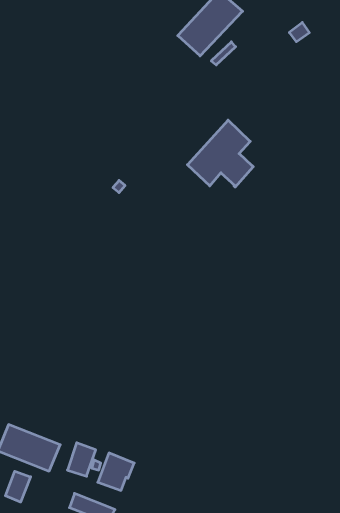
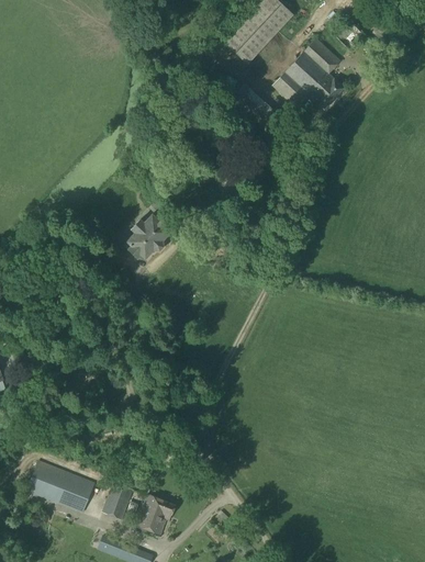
building: [187,120,253,187] -> [272,37,344,110]
building: none -> [125,212,171,259]
building: [5,471,31,502] -> none

